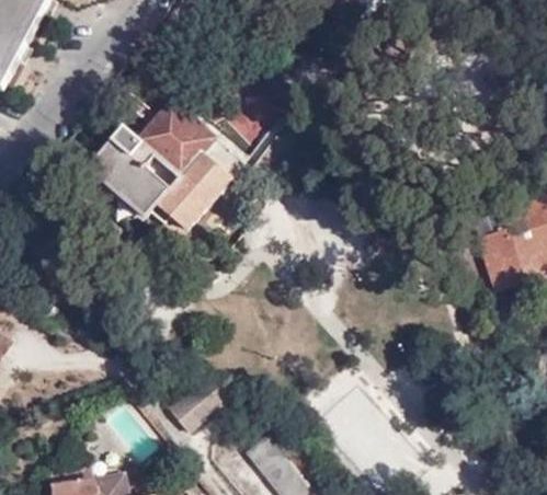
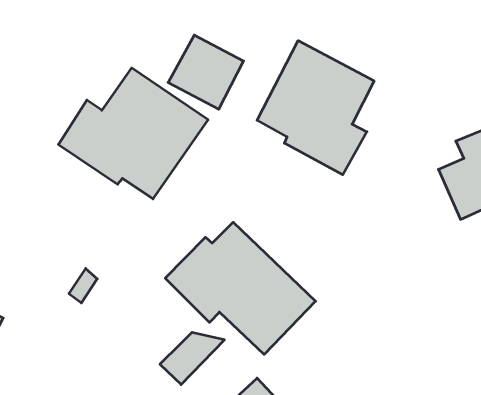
building: none -> [257,41,374,175]
building: none -> [165,222,316,354]

